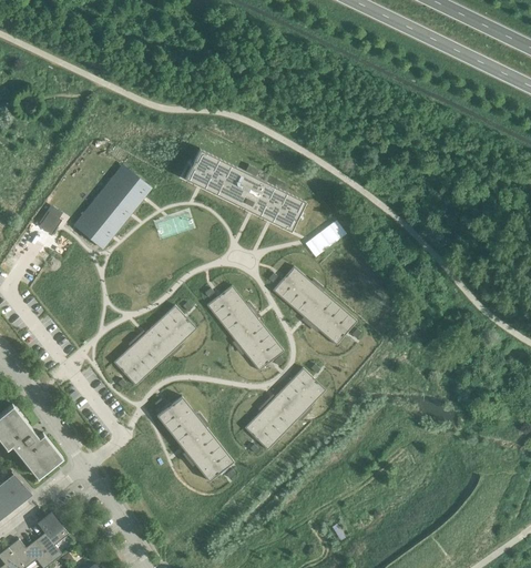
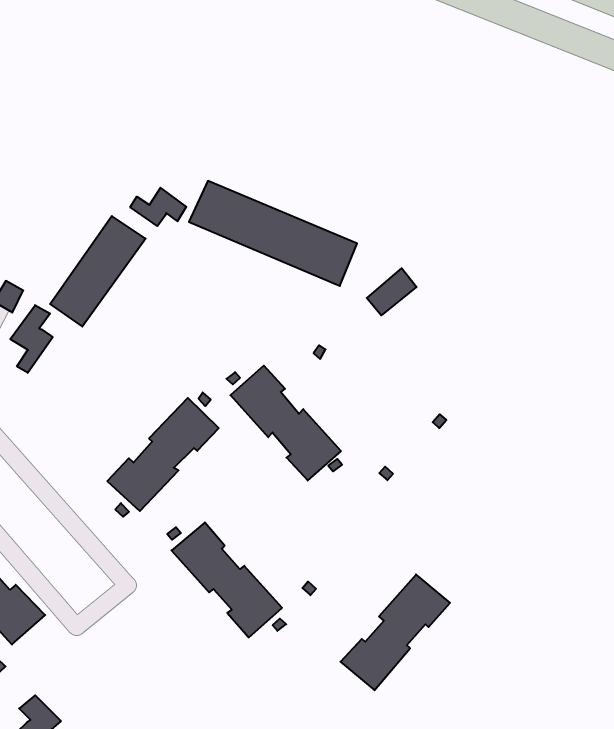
building: none -> [130,188,186,226]
building: none -> [10,305,53,373]
building: [272,266,356,345] -> none
building: [243,367,325,449] -> [340,574,450,690]

